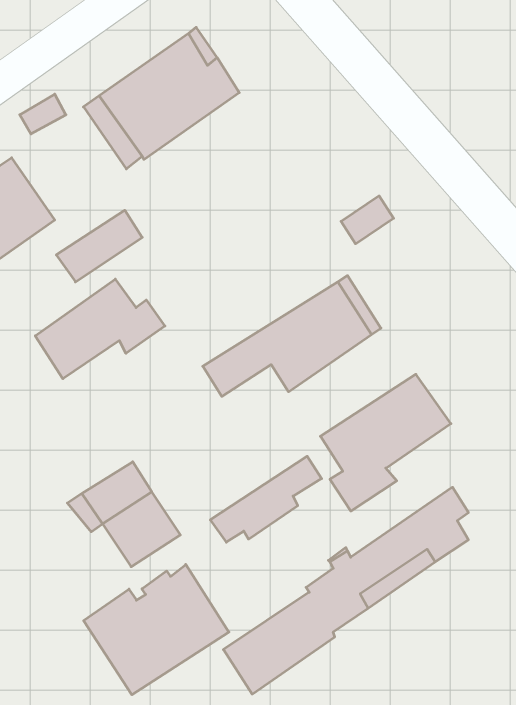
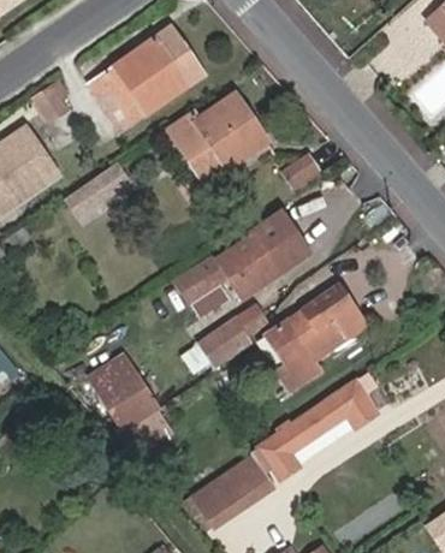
building: none -> [165,93,268,185]
building: [35,279,165,379] -> none
building: [210,456,322,542] -> [182,305,266,370]
building: [84,564,229,695] -> none

